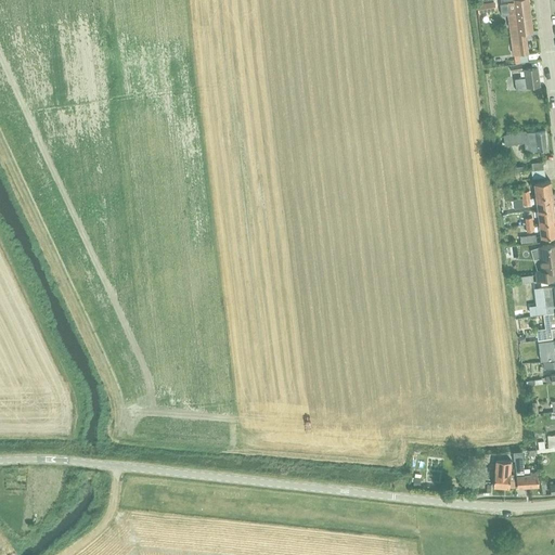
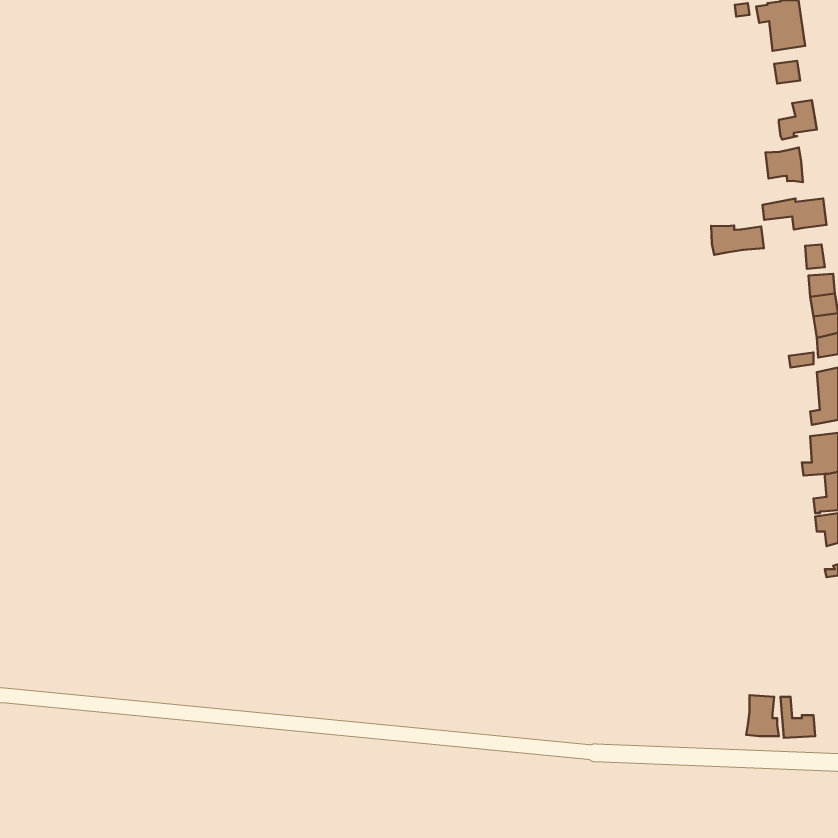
building: none -> [765,148,803,182]
building: none -> [711,226,764,255]

